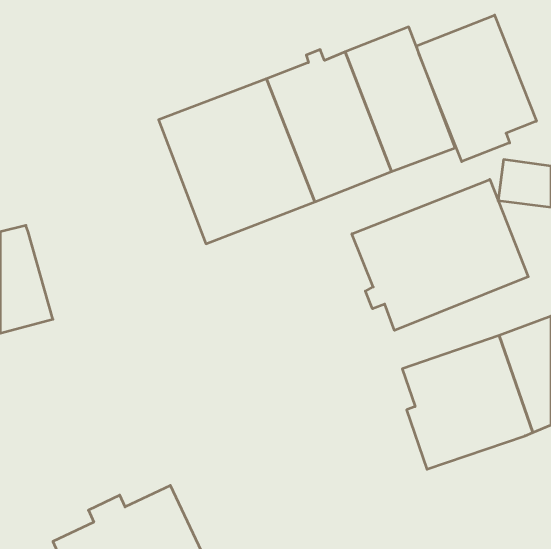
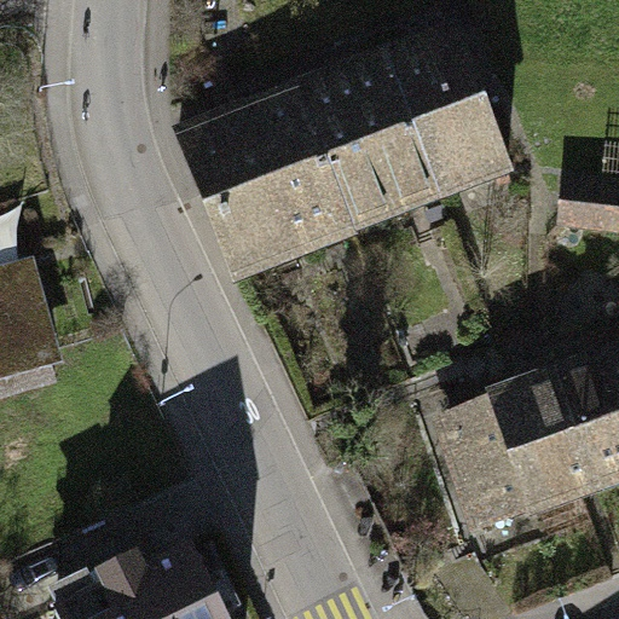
building: [416,15,536,162] -> none
building: [352,179,528,330] -> none

